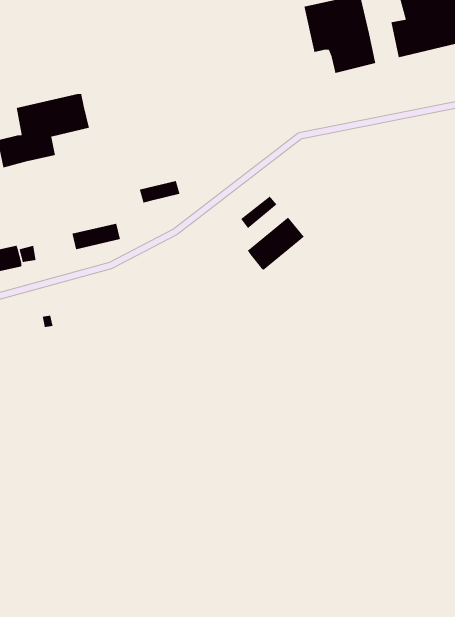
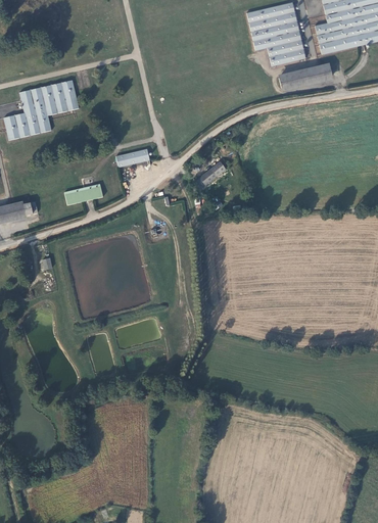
building: none -> [278,62,333,91]
building: [247,216,305,271] -> none

